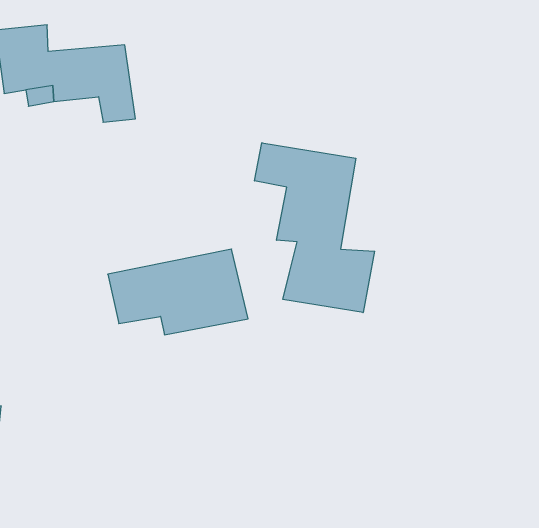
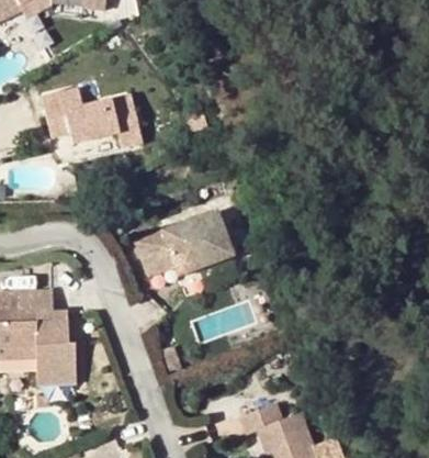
building: [255,143,375,313] -> none

